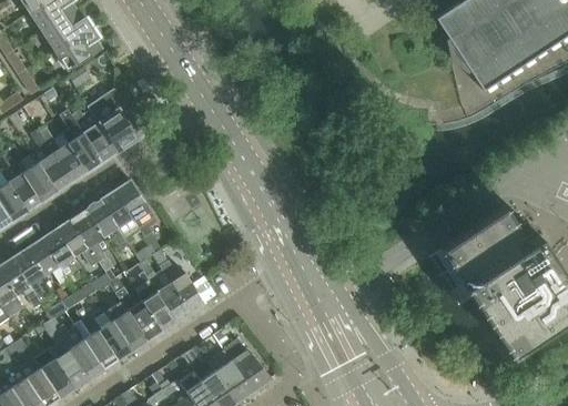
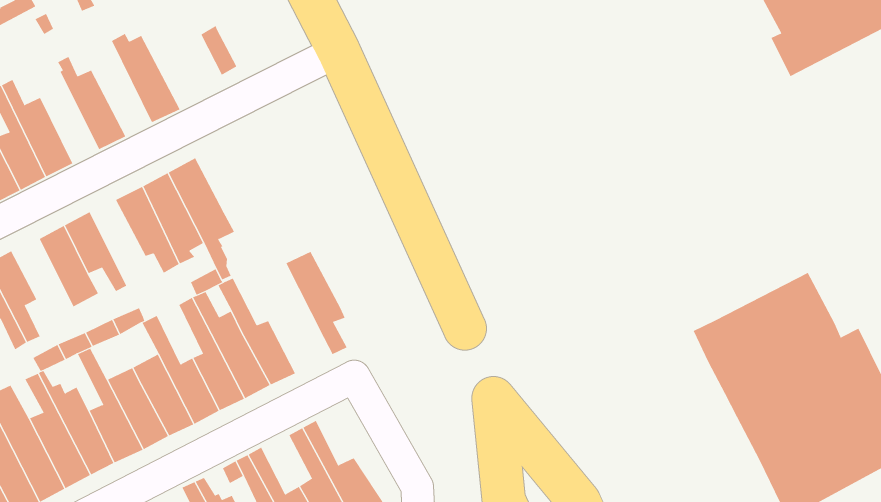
building: [82,93,139,152] -> none
building: [60,110,101,172] -> none
building: [30,129,71,192] -> none
building: [70,211,113,272] -> [286,251,348,355]
building: [26,240,67,284] -> none

